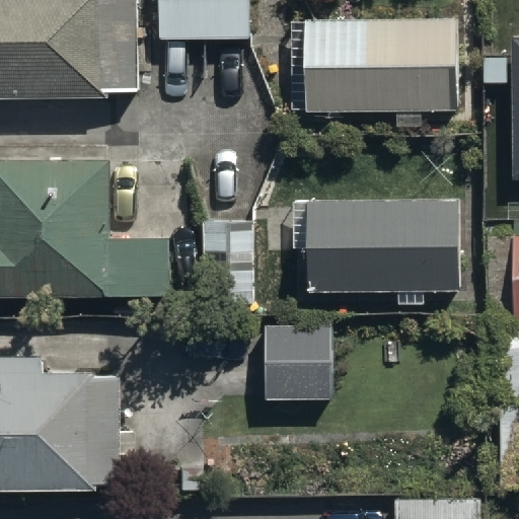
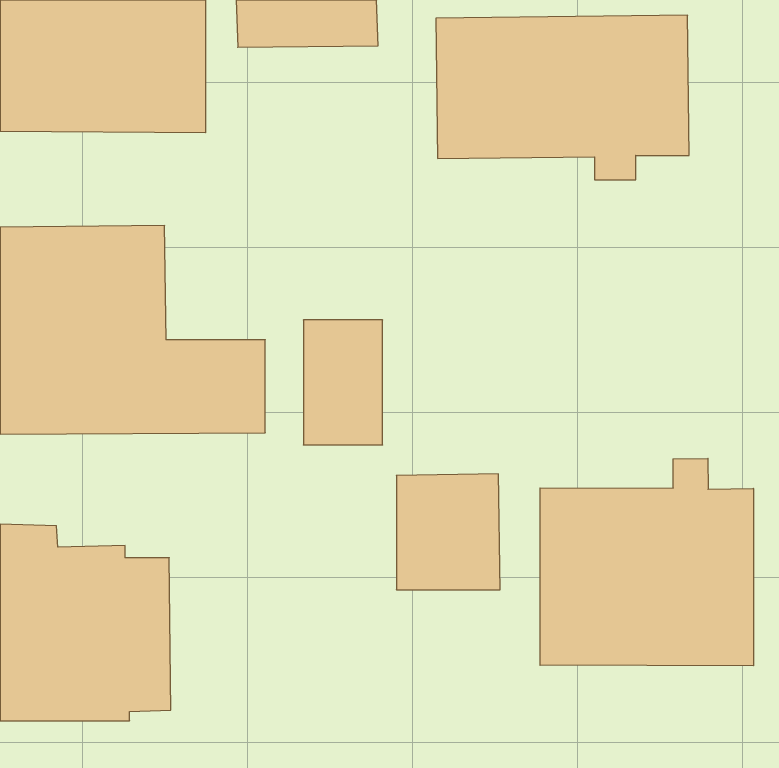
building: [292,198,458,305] -> none
building: none -> [540,458,753,666]

